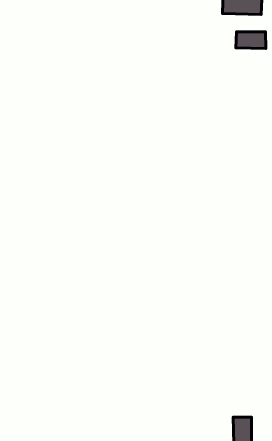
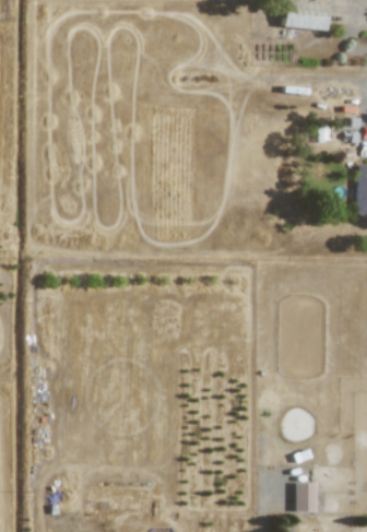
building: [236,32,266,48] -> none

